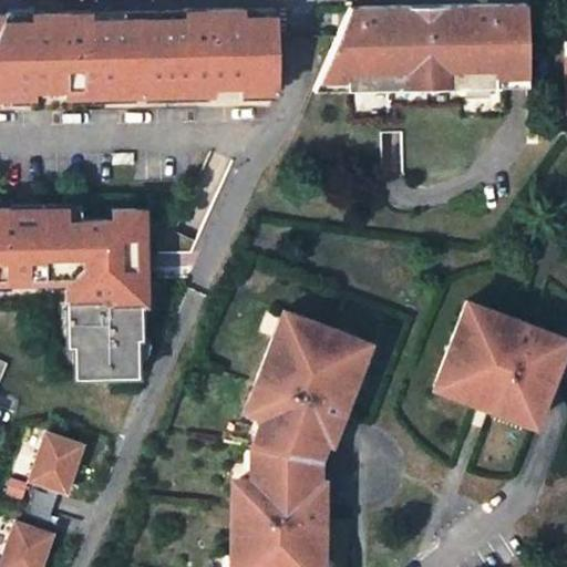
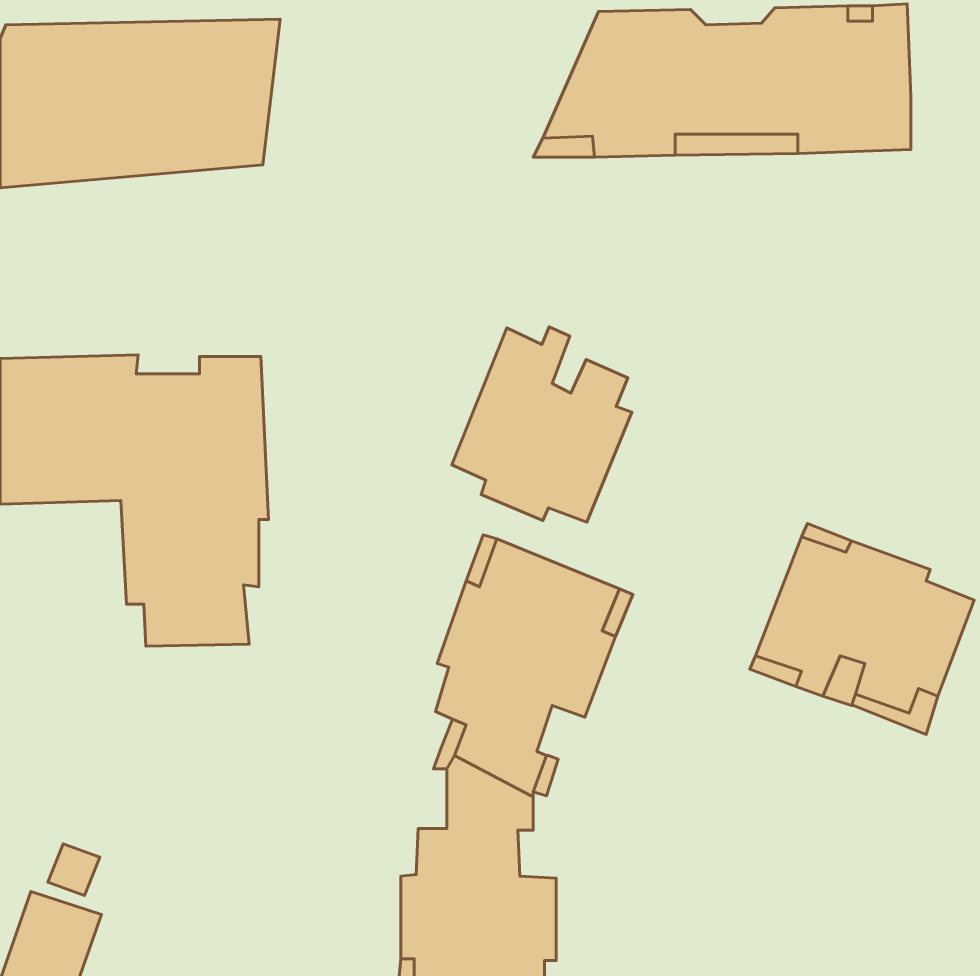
building: [152,10,286,100] -> none
building: none -> [452,327,632,522]
building: [29,427,90,494] -> none

